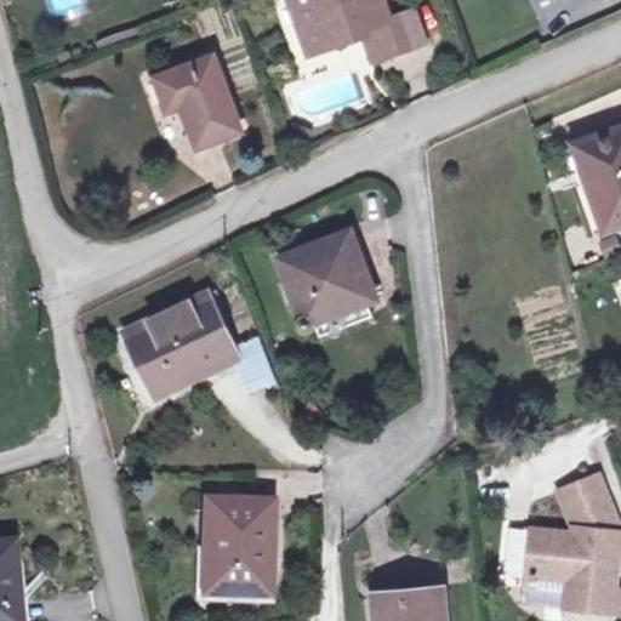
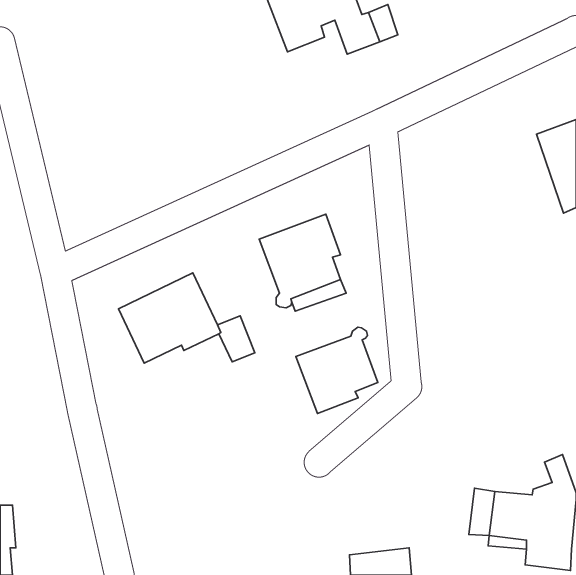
building: [158,57,240,144] -> none
building: none -> [296,327,378,414]
building: [560,473,605,526] -> none
building: [206,502,272,593] -> none

